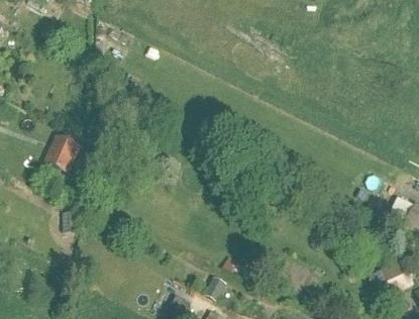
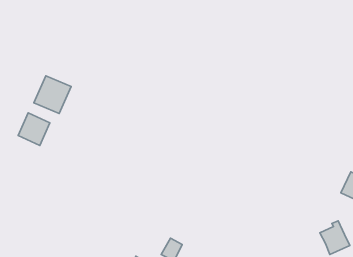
building: none -> [34,76,71,114]

